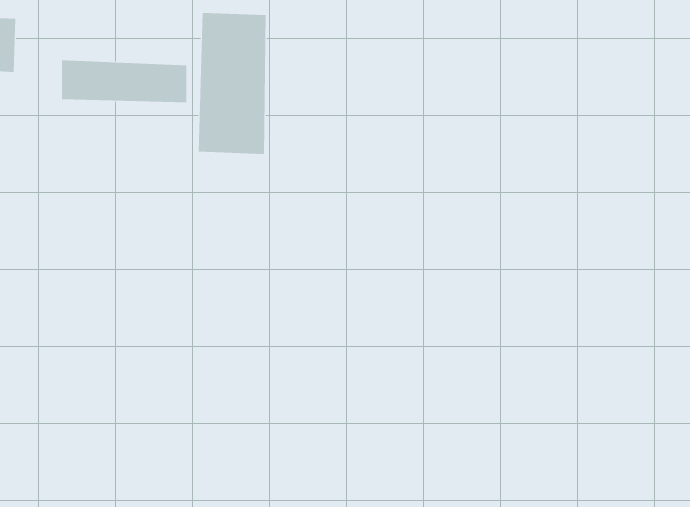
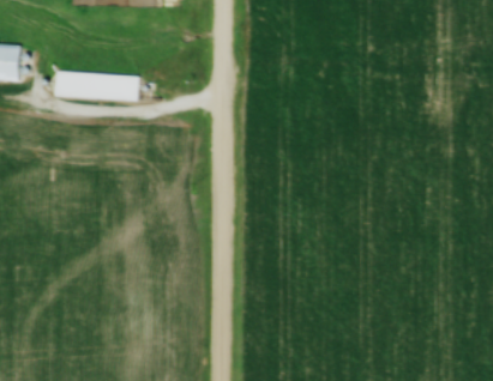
building: [198,12,266,155] -> none

